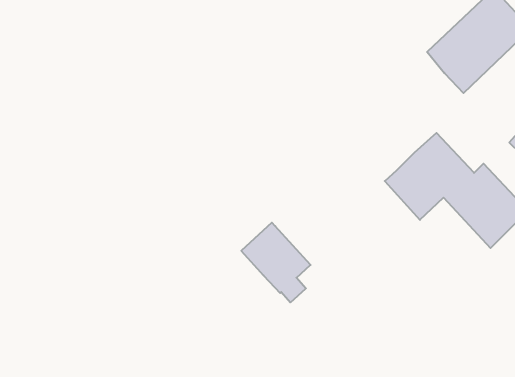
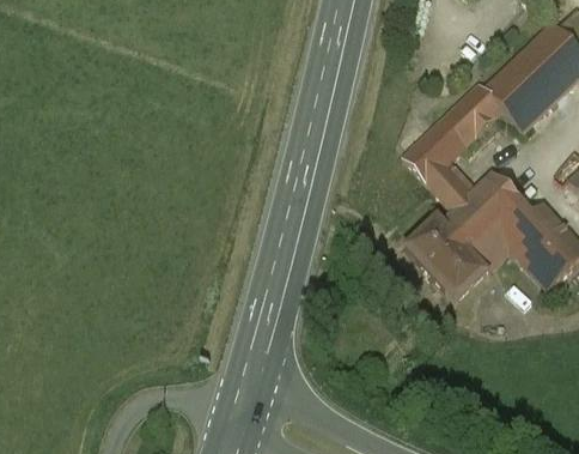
building: none -> [403,83,502,208]
building: [241,223,311,302] -> [407,216,477,297]

